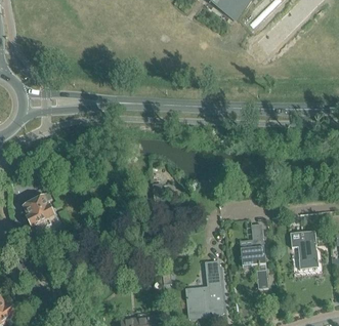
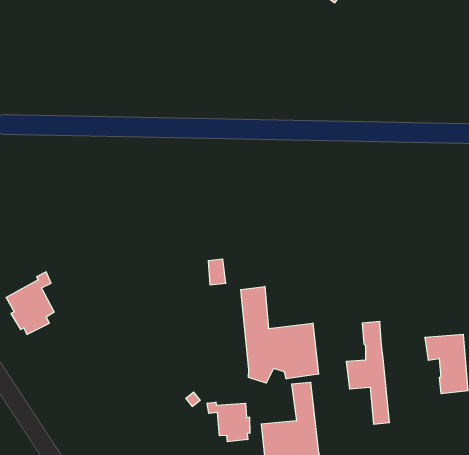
building: none -> [241,286,318,383]
building: none -> [207,402,250,442]

